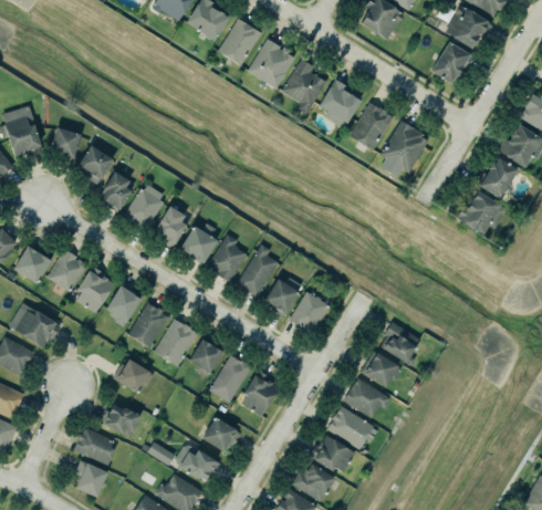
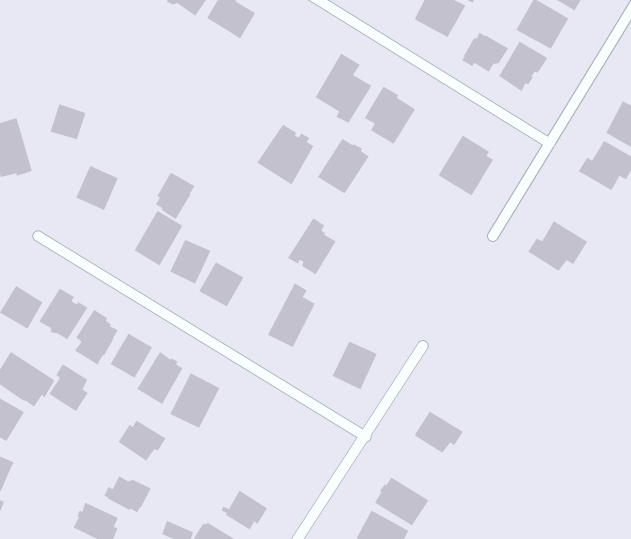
building: [217,18,261,65] -> none
building: none -> [461,32,509,73]
building: [246,38,294,90] -> [256,123,314,185]
building: [348,102,393,149] -> [317,138,370,194]
building: [49,127,80,158] -> [50,103,87,140]
building: [479,156,519,199] -> none
building: [100,171,134,212] -> [155,171,196,220]
building: [205,233,247,282] -> [287,217,337,275]
building: [263,279,298,316] -> none
building: none -> [48,363,89,412]
building: [383,323,421,363] -> none
building: [188,337,225,375] -> none
building: [210,354,252,403] -> none
building: [239,372,281,416] -> none
building: [342,377,390,418] -> none

